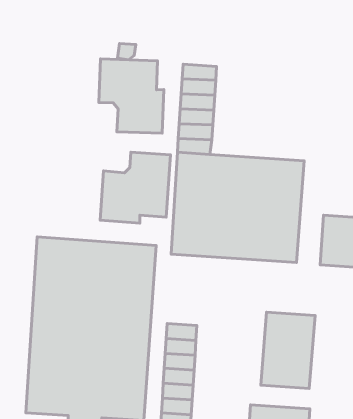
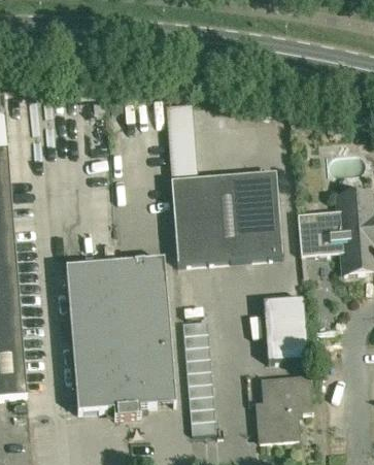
building: [99,59,164,133] -> none
building: [100,152,171,223] -> none

